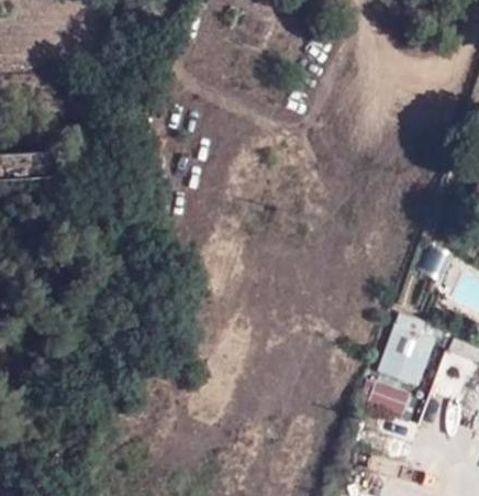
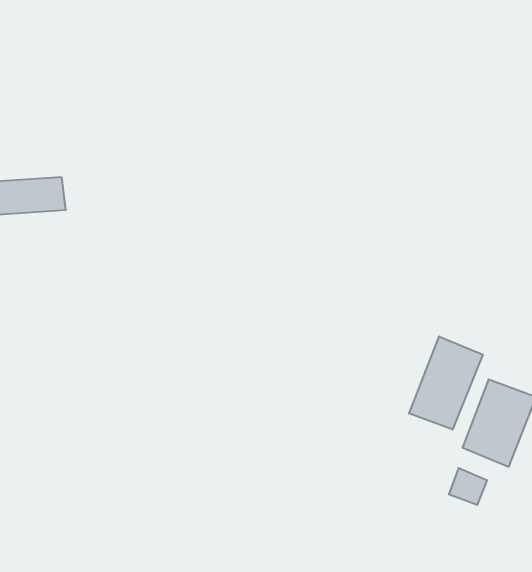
building: none -> [409,336,483,430]

